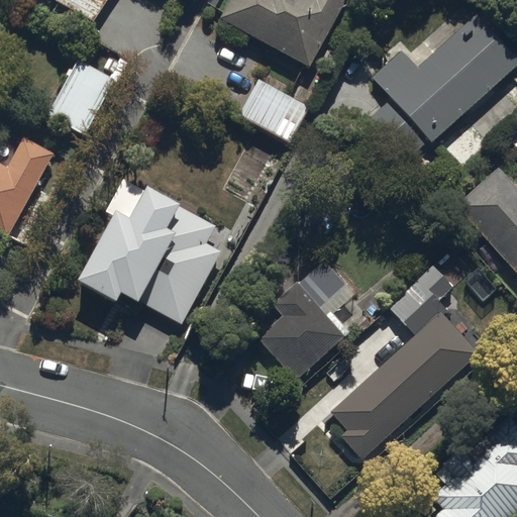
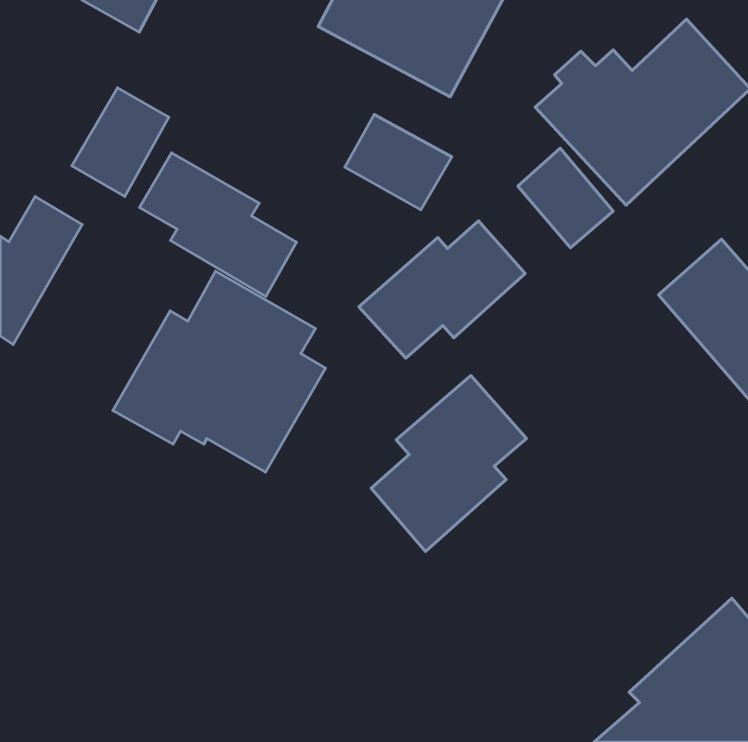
building: none -> [139,153,296,297]
building: none -> [359,221,525,358]
building: [330,266,478,460] -> none

